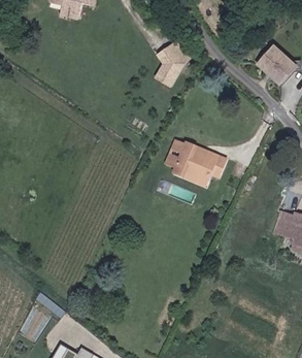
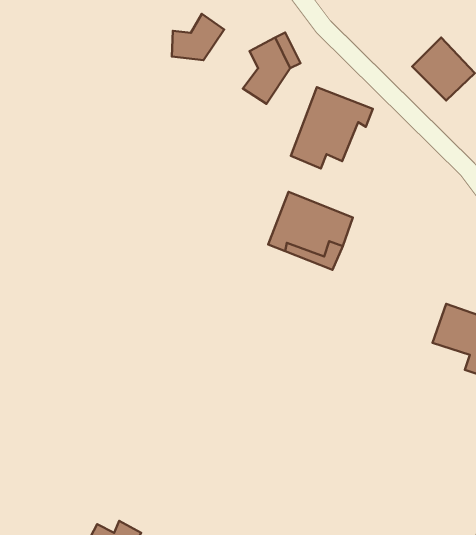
building: none -> [172,14,224,60]
building: none -> [291,87,373,168]

